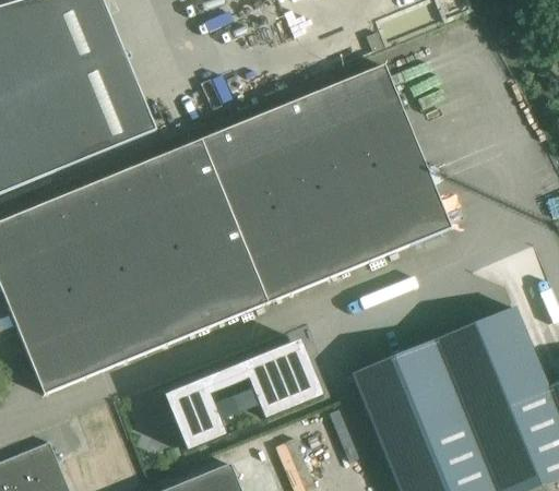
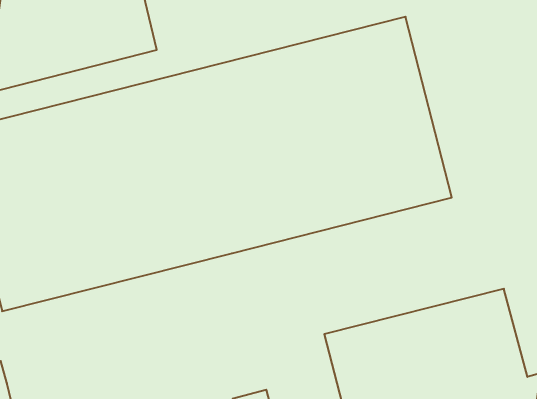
building: [164,339,322,451] -> none

